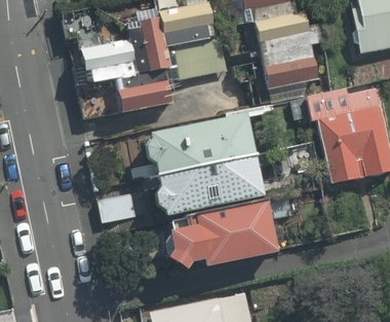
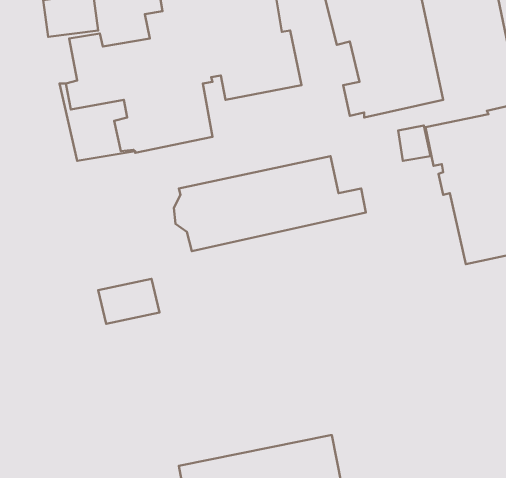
building: [156,150,271,215] -> none
building: [168,201,276,269] -> none

